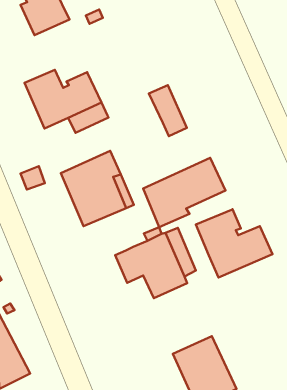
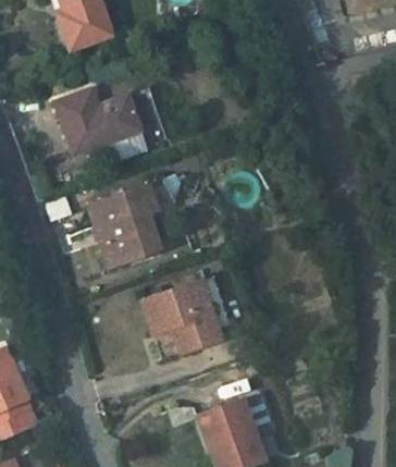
building: [149,85,187,136] -> [125,88,164,145]
building: [143,158,225,227] -> none
building: [196,209,272,278] -> none

